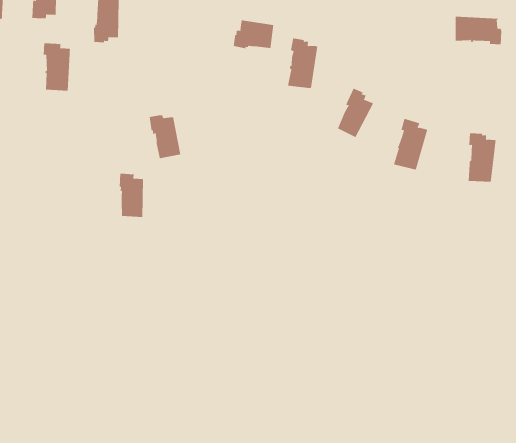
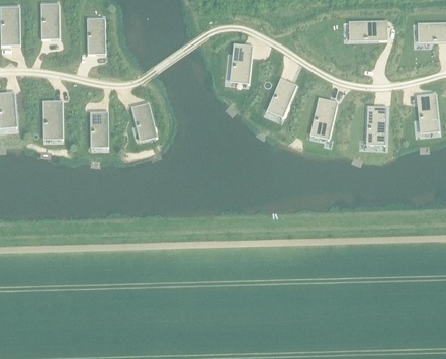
building: [233,20,274,49] -> none
building: [43,43,71,91] -> [41,101,62,136]
building: [119,173,144,217] -> [89,112,108,144]

